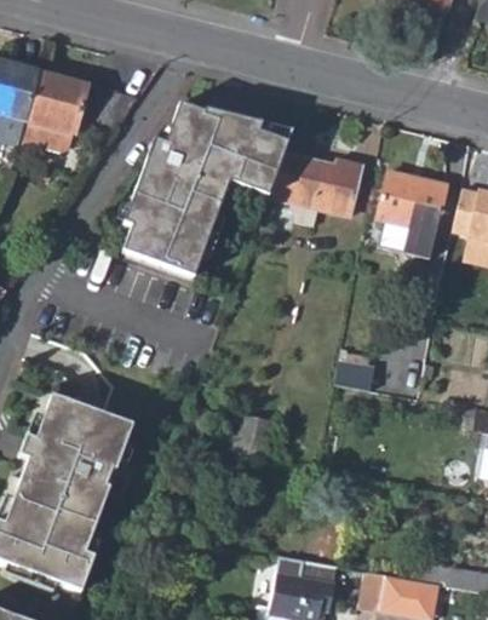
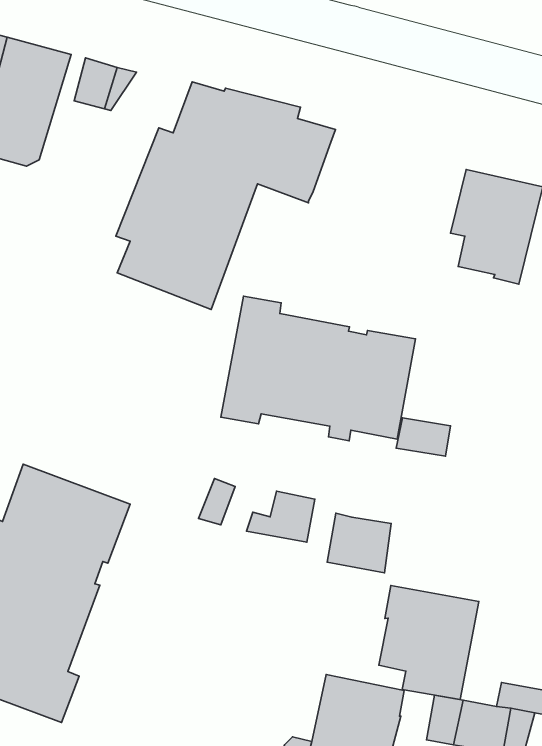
building: [269,150,362,224] -> none
building: none -> [221,296,416,441]
building: none -> [327,513,391,573]
building: none -> [379,586,479,700]

